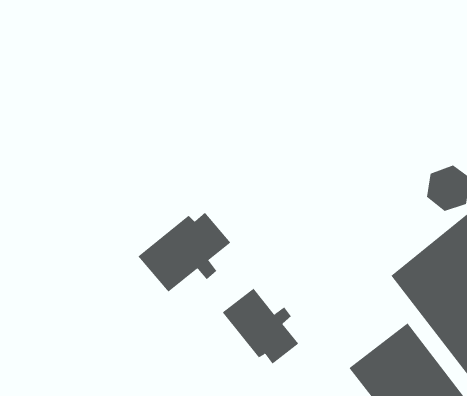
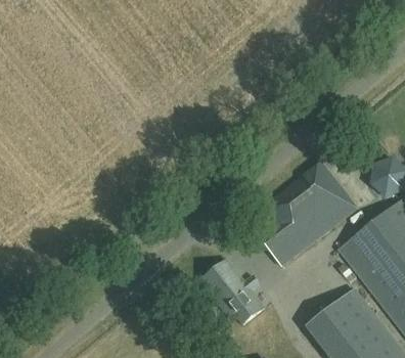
building: none -> [260,162,356,265]
building: [138,212,231,293] -> none

